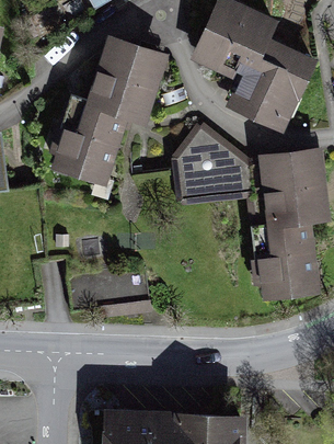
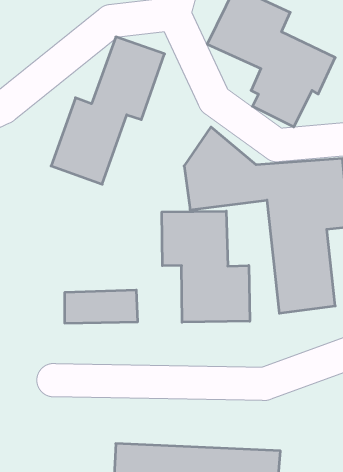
building: none -> [162,211,250,322]

